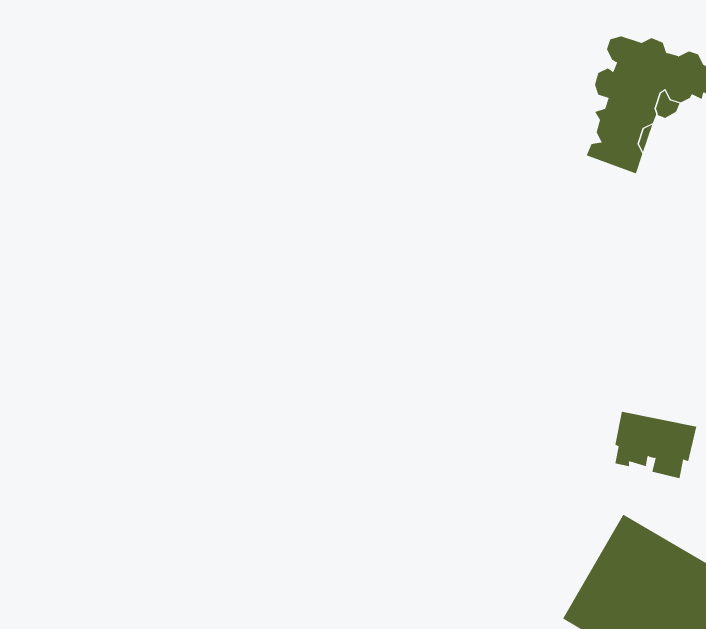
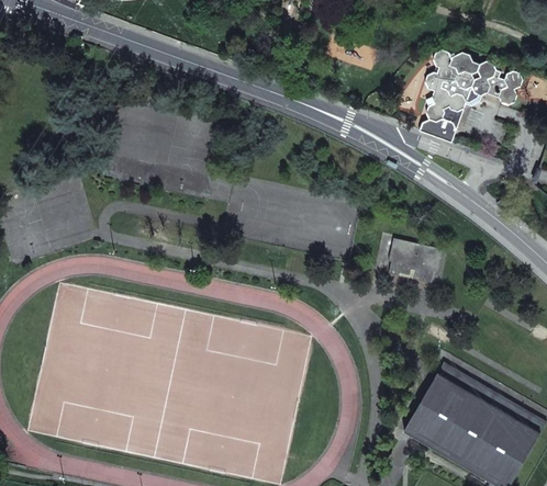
building: [614,411,697,479] -> [388,239,442,283]

